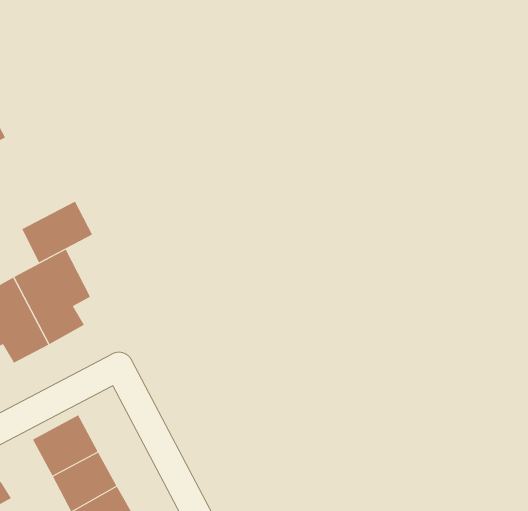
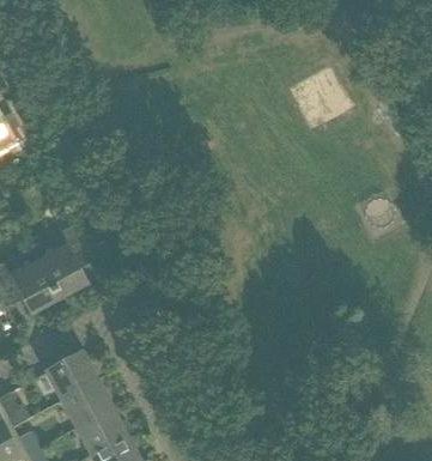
building: [21,201,93,263] -> none

